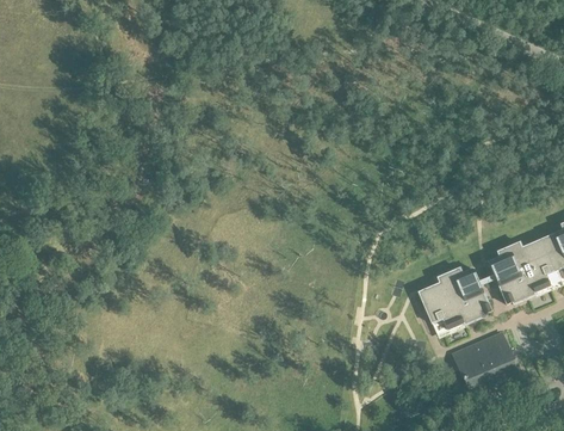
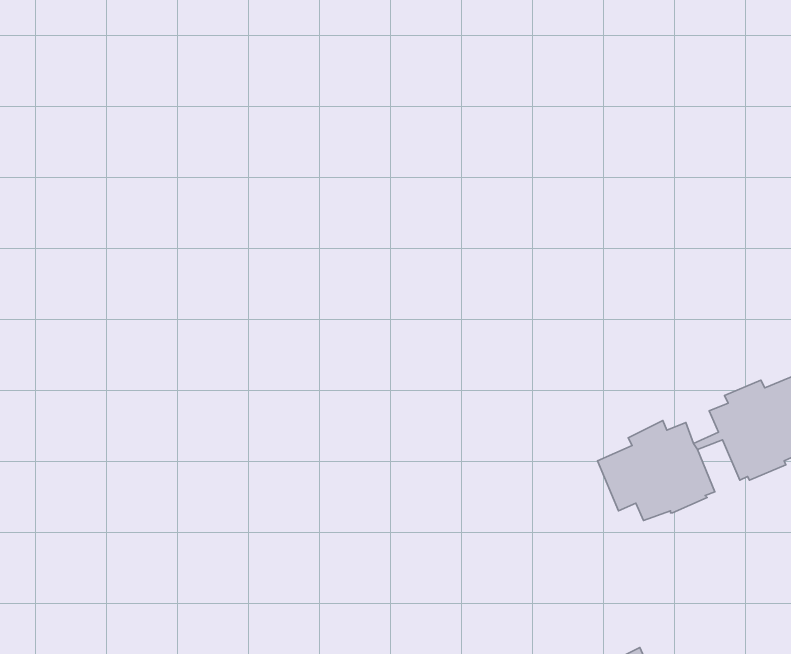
building: [455,333,515,387] -> none

